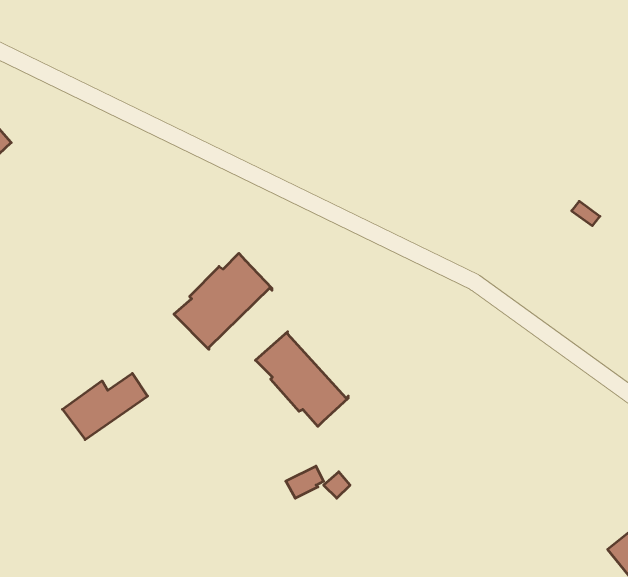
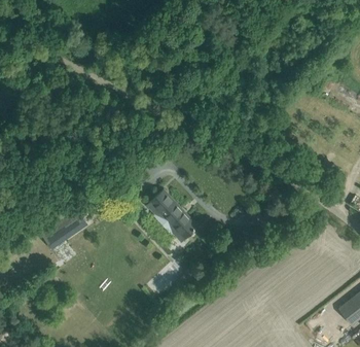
building: [174,253,272,349] -> none

